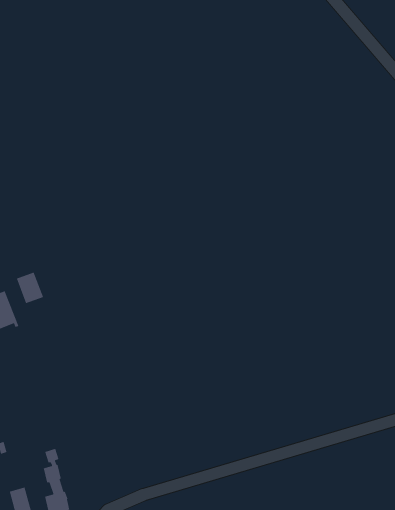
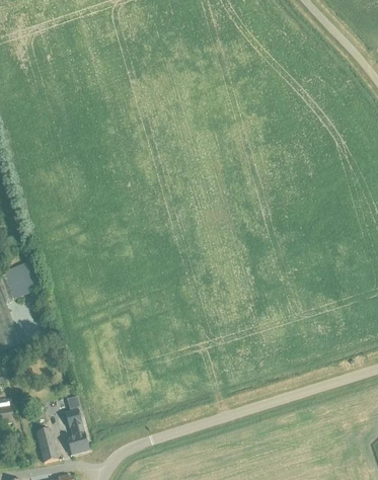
building: [16,272,44,304] -> none

